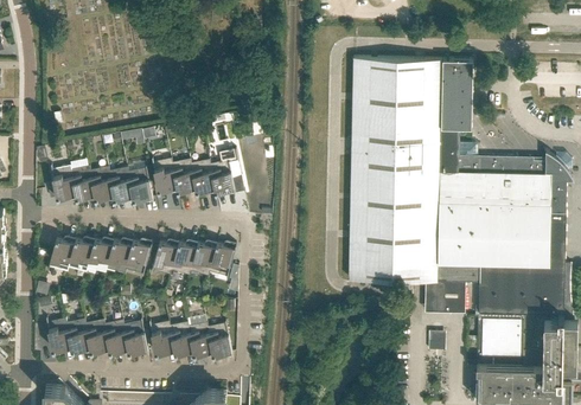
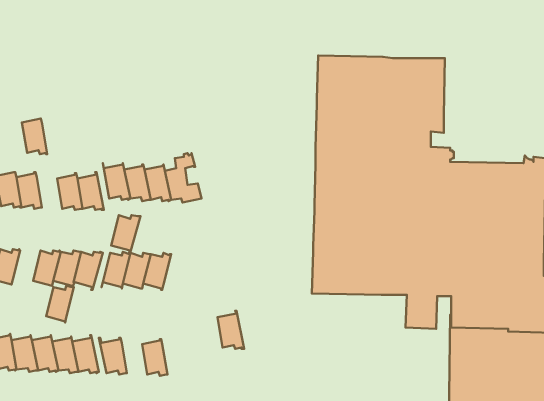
building: [89,167,113,200] -> [22,119,47,154]
building: [66,238,92,272] -> [46,286,74,323]
building: [208,243,235,278] -> [111,215,140,253]
building: [206,321,231,356] -> [217,311,244,349]
building: [168,322,192,355] -> none

